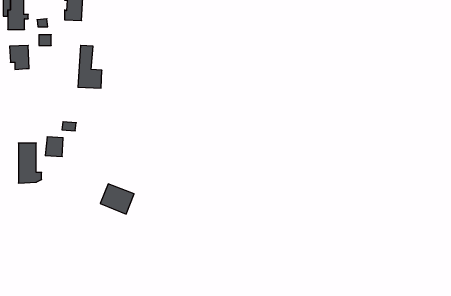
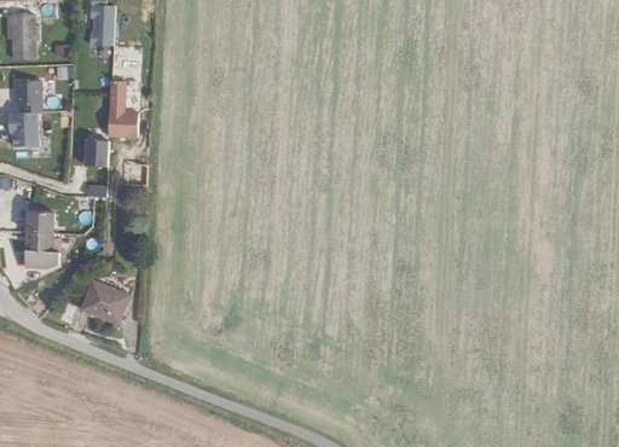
building: none -> [7,110,37,145]
building: [45,137,63,156] -> [83,139,108,166]
building: [100,184,134,214] -> [82,280,128,321]

